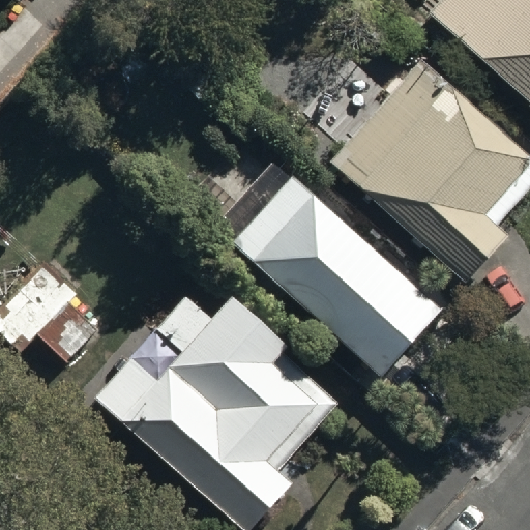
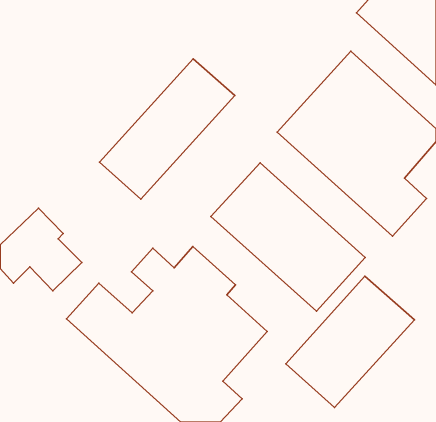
building: none -> [100,59,235,199]
building: none -> [286,276,414,408]

